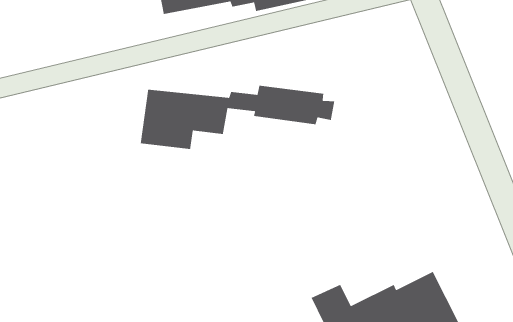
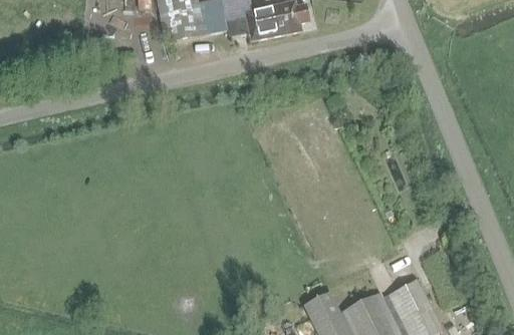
building: [140,85,335,150] -> none

